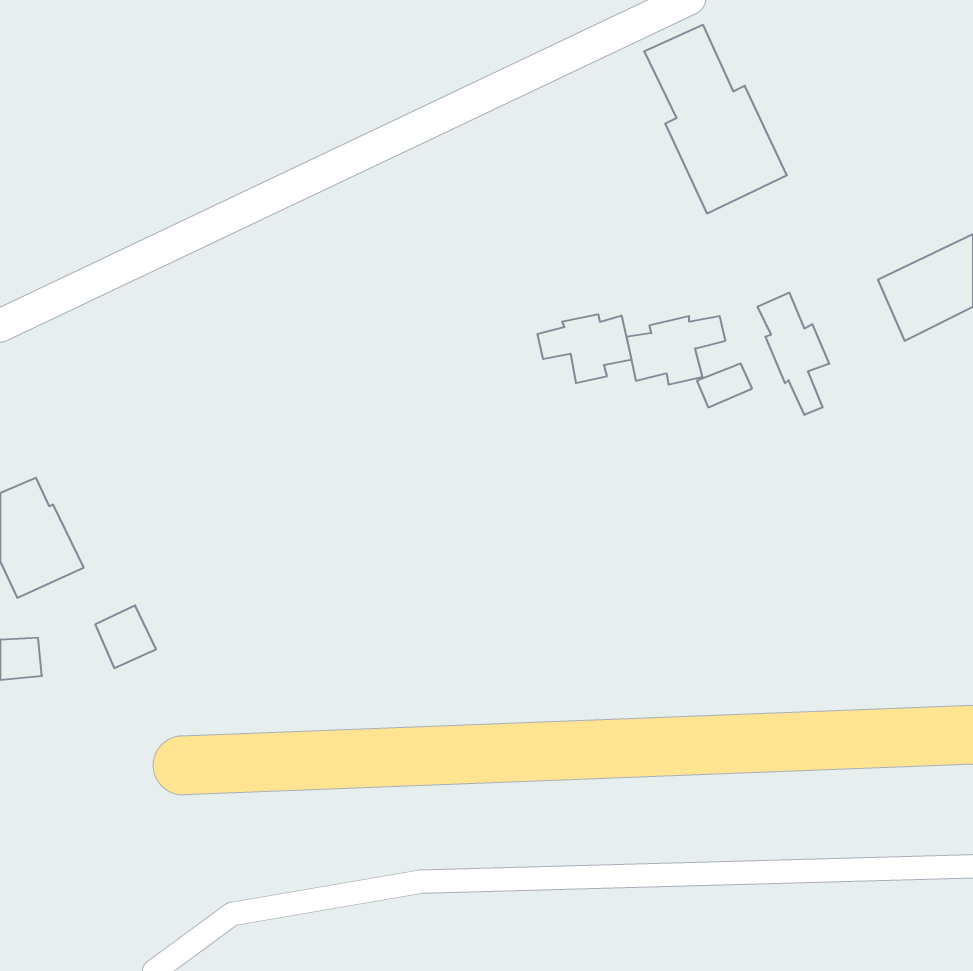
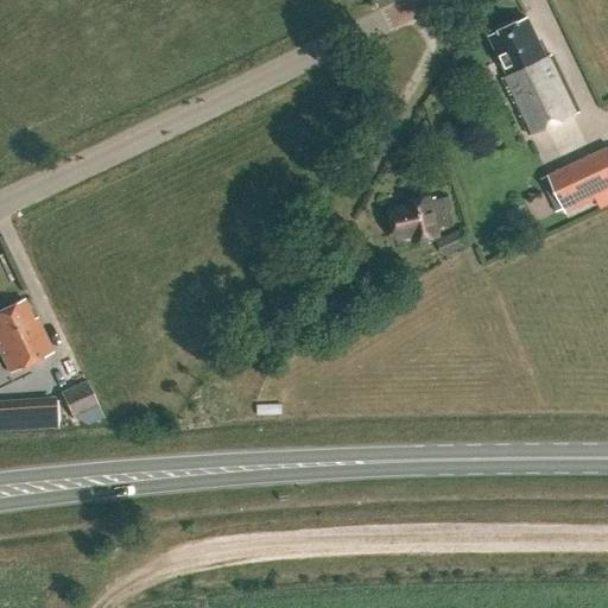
building: [644,25,787,213] -> [490,18,580,135]
building: [758,293,829,415] -> none
building: [538,314,631,383] -> none

